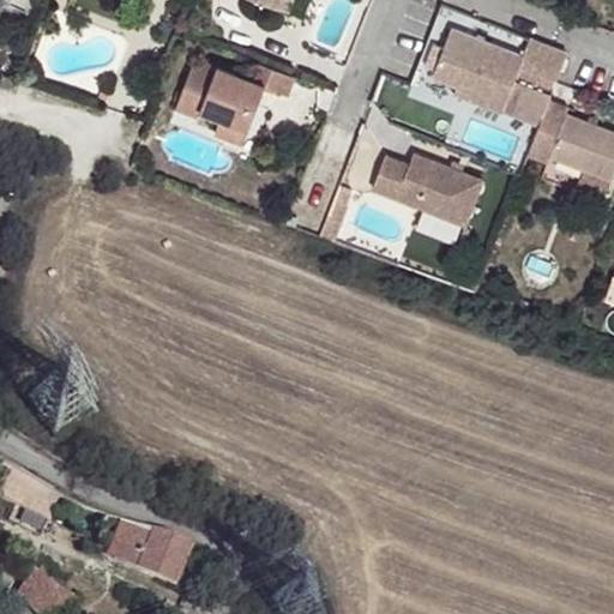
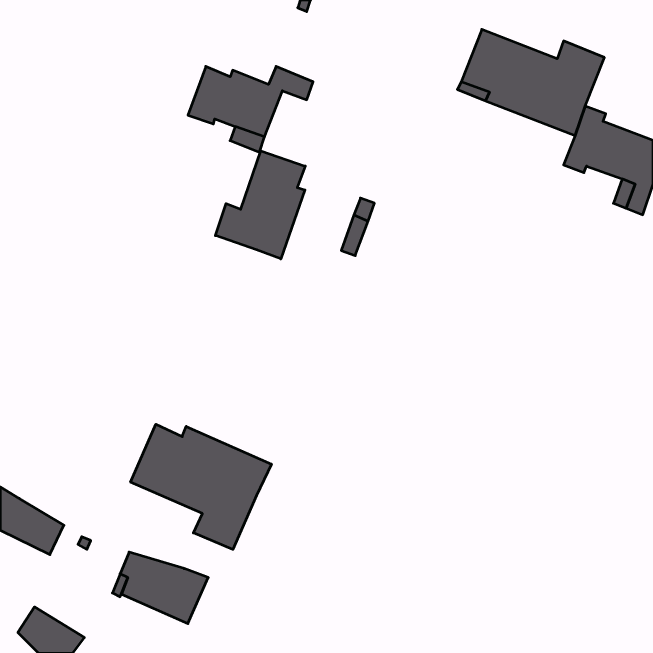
building: none -> [215,151,305,259]
building: [373,152,483,225] -> none
building: none -> [131,424,271,549]

